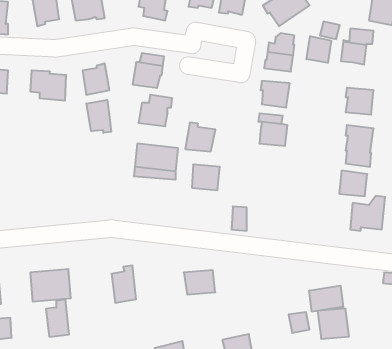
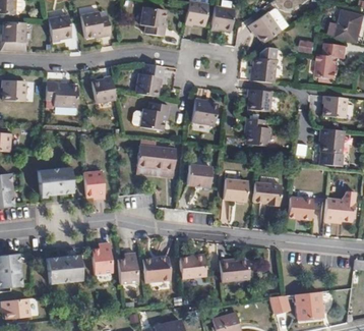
building: [307,36,331,63] -> none
building: [86,100,111,133] -> none
building: [185,122,215,151] -> [190,97,217,122]
building: none -> [37,166,72,195]
building: [339,171,367,196] -> [288,196,312,218]
building: none -> [82,169,104,198]
building: none -> [224,177,249,200]
building: none -> [252,182,282,206]
building: none -> [142,257,169,281]
building: none -> [220,257,252,280]
building: [309,286,343,312] -> none
building: [46,300,69,337] -> [90,241,111,274]

